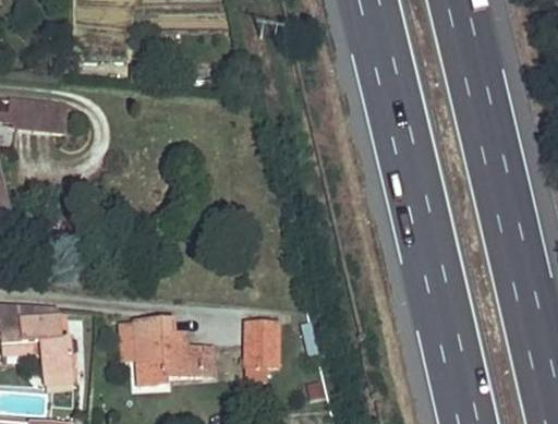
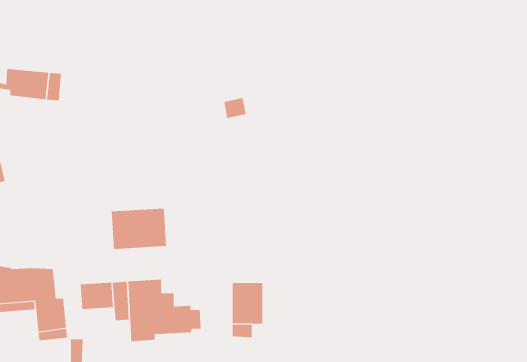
building: none -> [111,208,166,250]
building: none -> [80,282,113,310]

